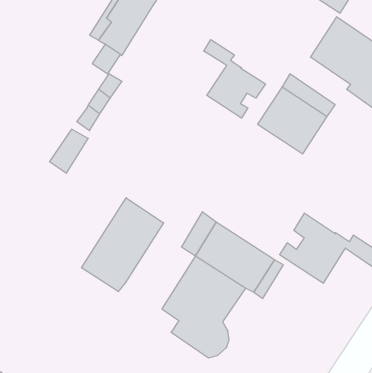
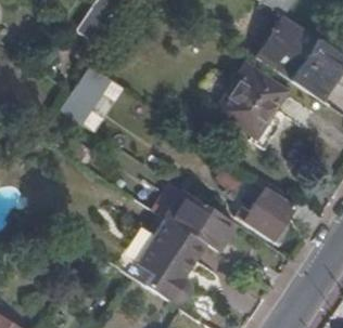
building: [204,40,266,118] -> none
building: [82,198,164,292] -> none

